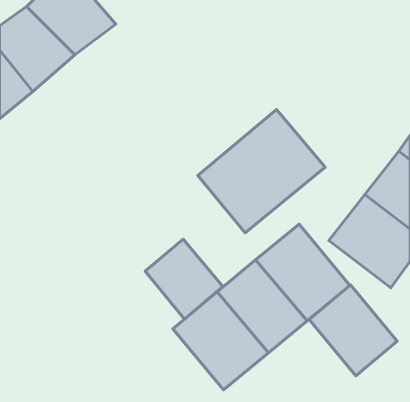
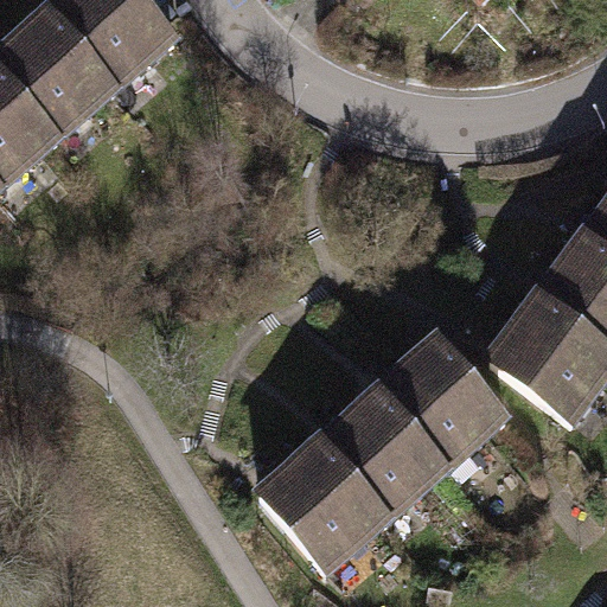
building: [198,110,325,233] -> none
building: [145,239,223,319] -> none
building: [309,285,397,376] -> none

